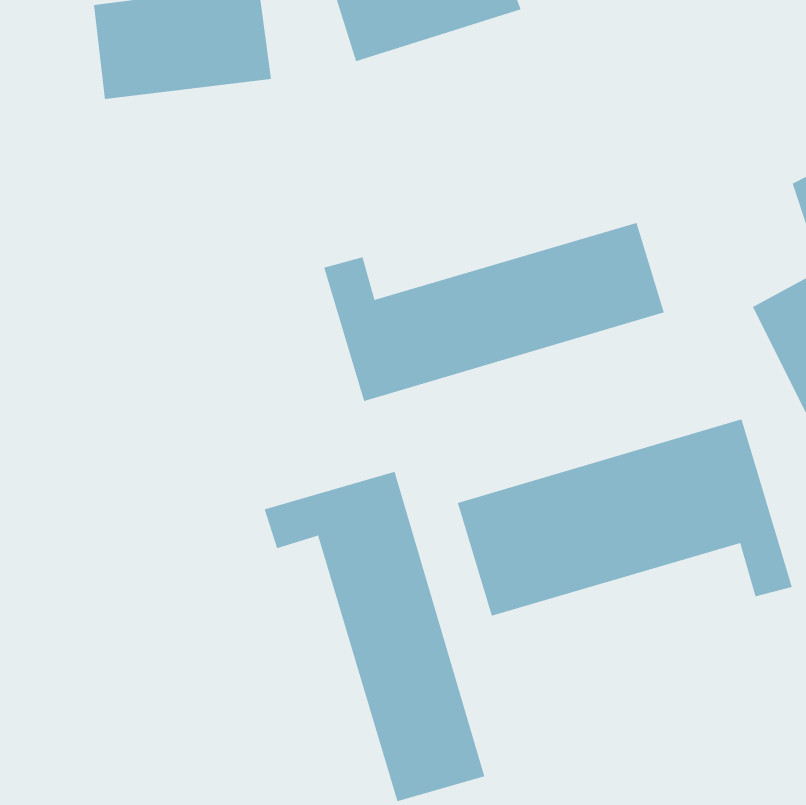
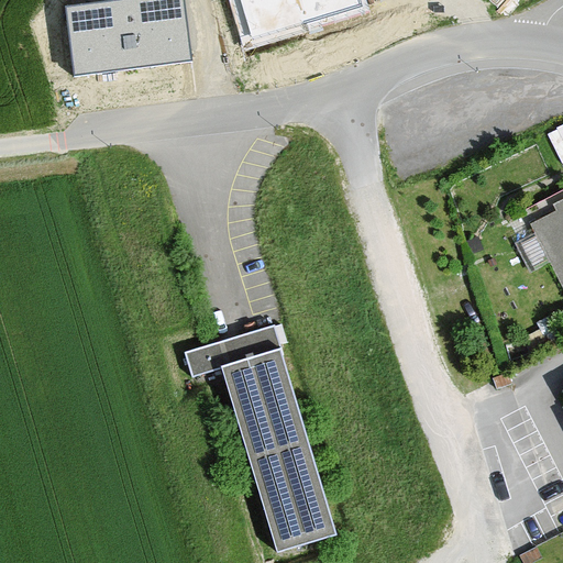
building: [323,222,665,402] -> none
building: [457,418,793,616] -> none

